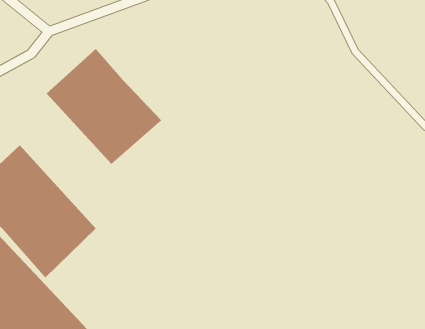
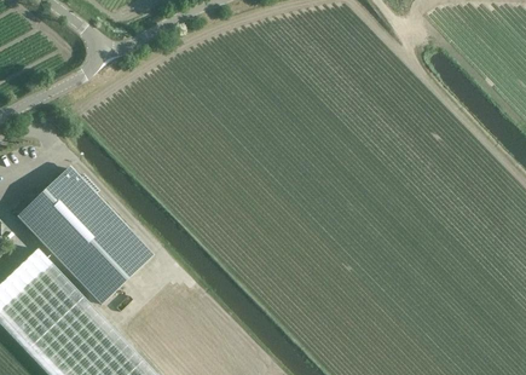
building: [46,48,162,165] -> none

